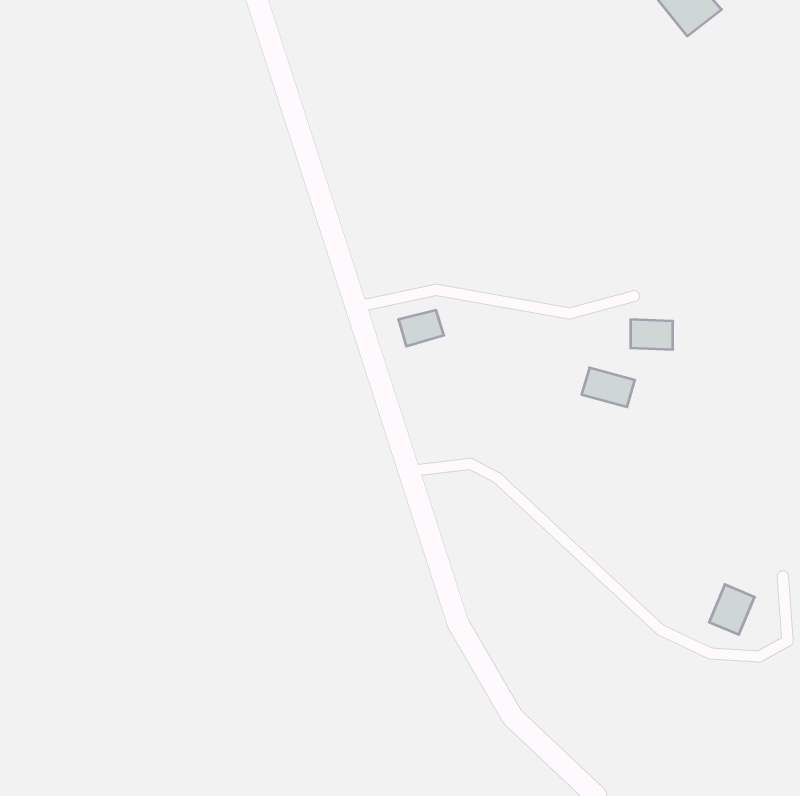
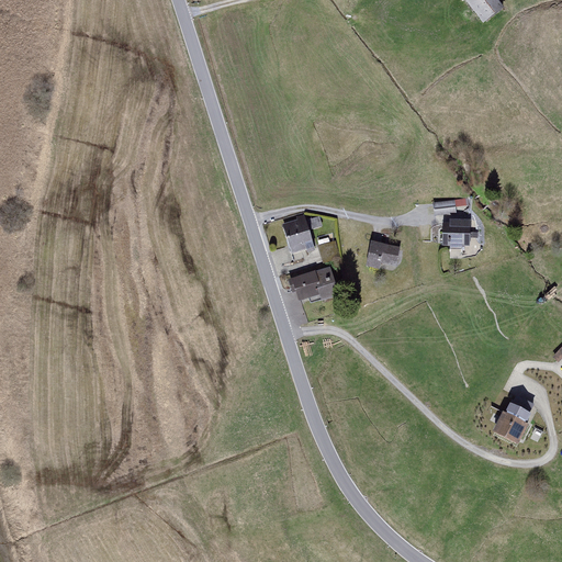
building: [582,368,635,407] -> [364,237,402,265]
building: none -> [296,267,336,297]

